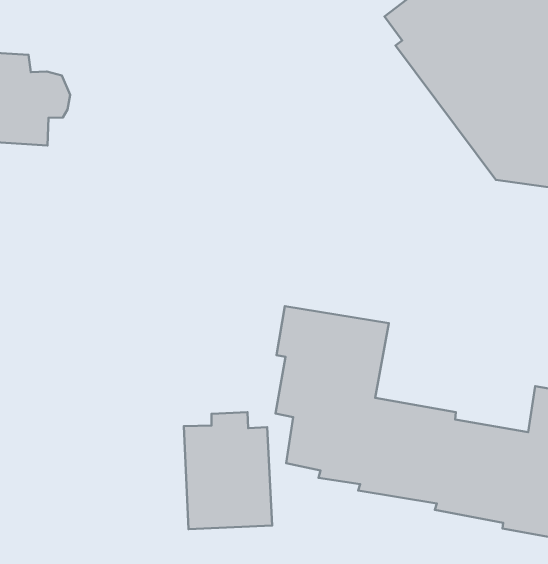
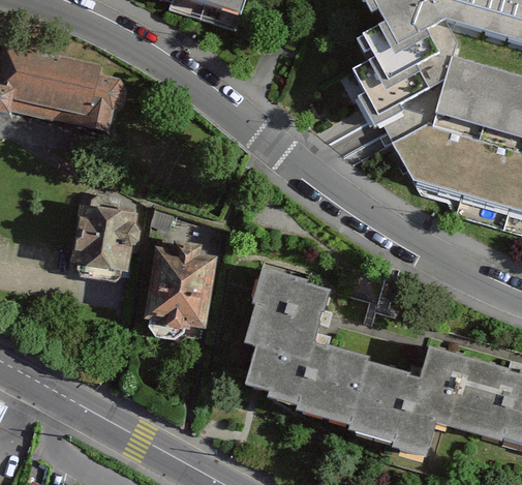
building: none -> [69,192,143,278]
building: [184,412,272,529] -> [150,241,215,326]

